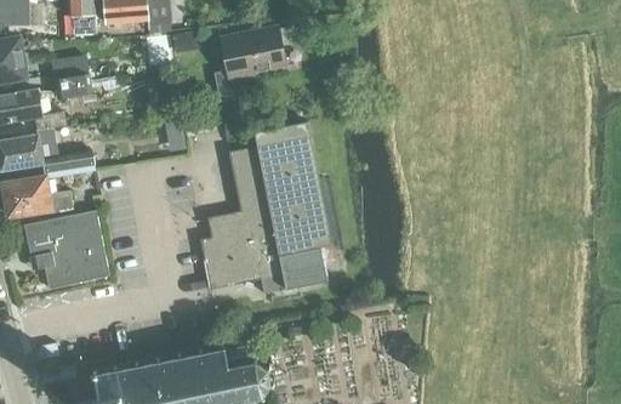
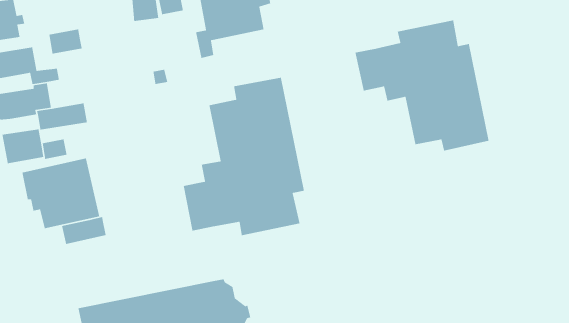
building: none -> [355,19,490,151]
building: none -> [61,216,107,245]

